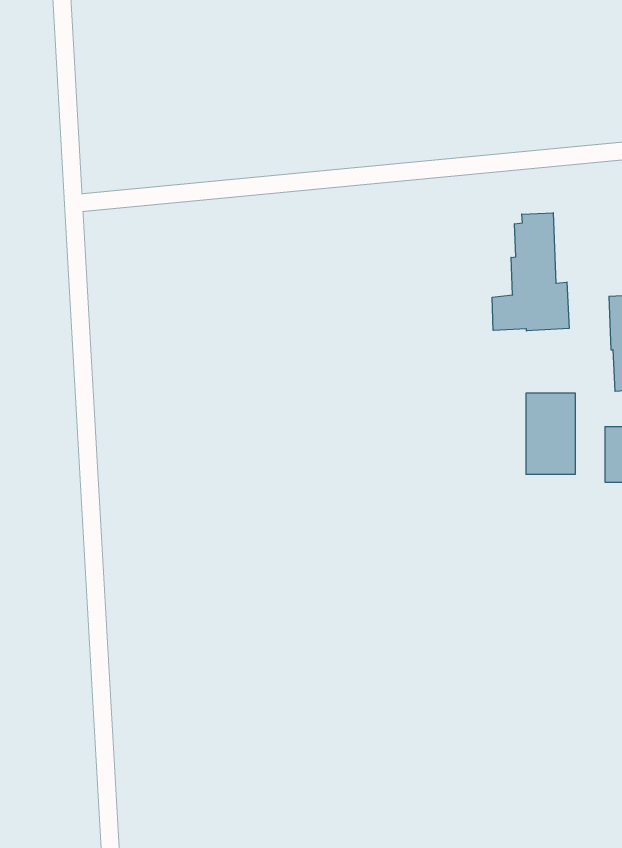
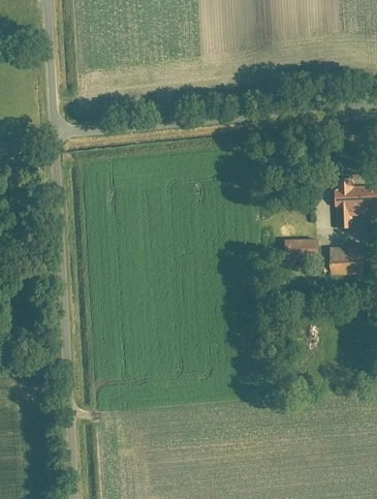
building: [492,213,569,331] -> none

